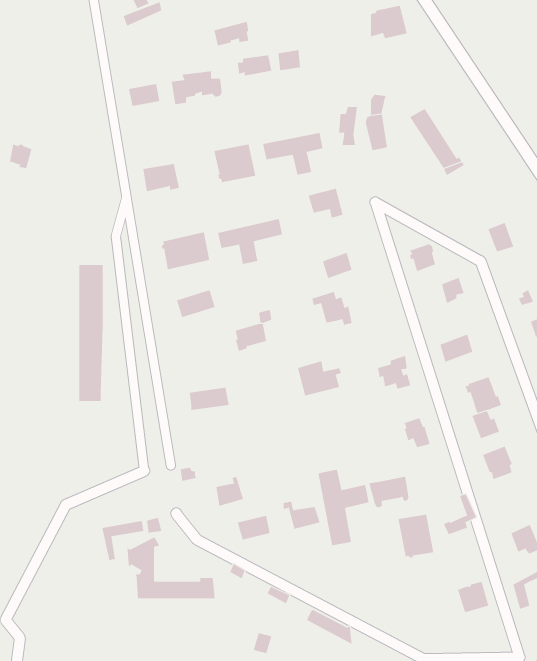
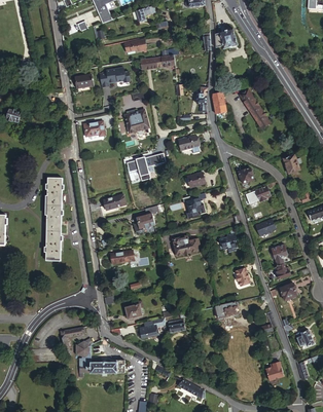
building: [263,132,323,176] -> none
building: [161,231,210,270] -> none
building: [318,469,369,546] -> none
building: [398,514,434,558] -> none

